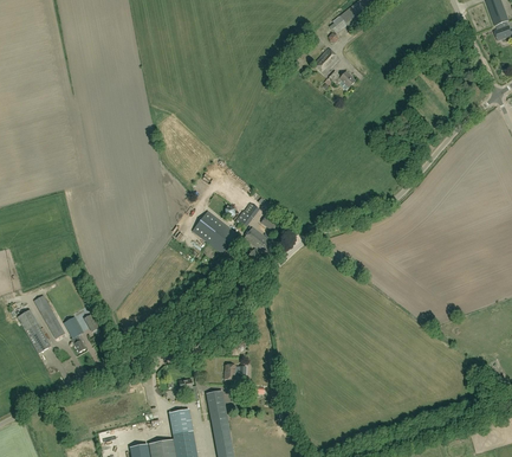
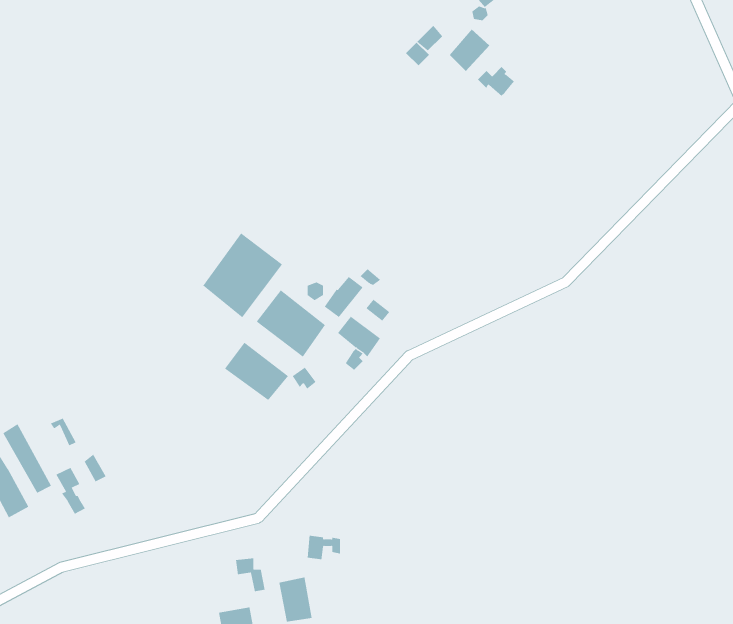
building: none -> [202,233,283,318]
building: none -> [224,342,289,401]

